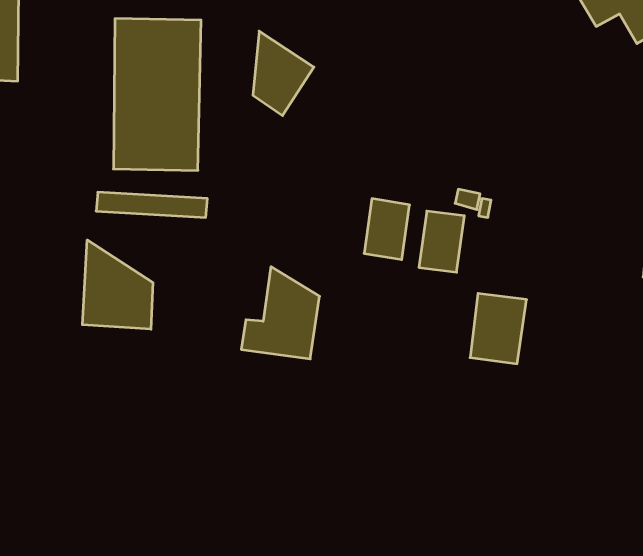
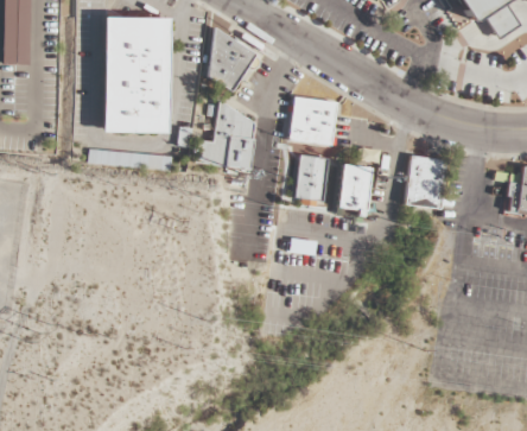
building: none -> [291,96,338,144]
building: [82,240,153,329] -> none
building: [241,267,320,359] -> [197,99,256,169]
building: [470,293,527,364] -> [405,154,447,208]

